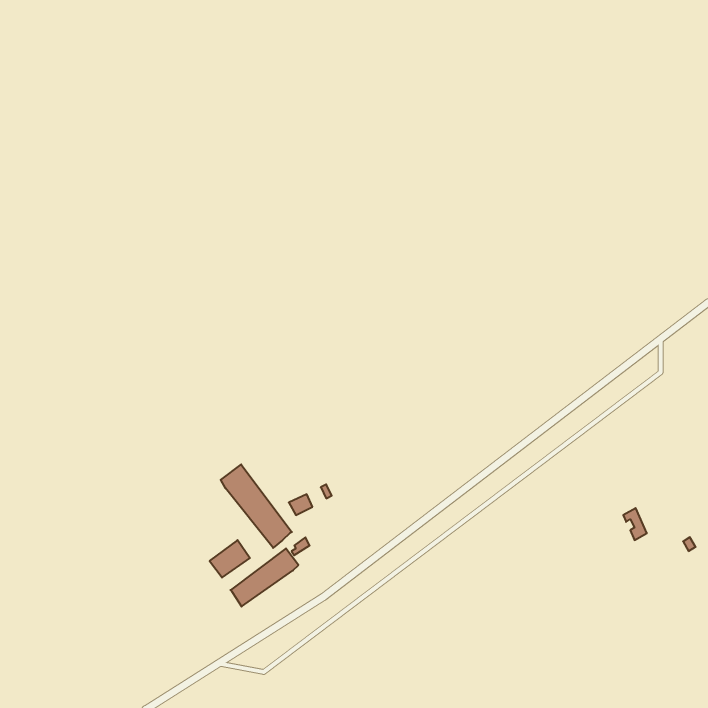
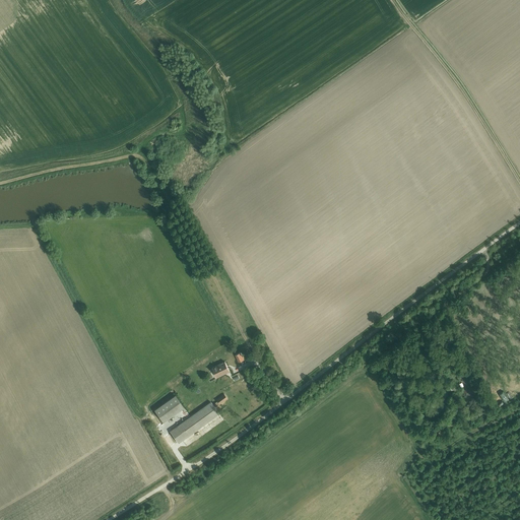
building: [221,464,292,548] -> none

